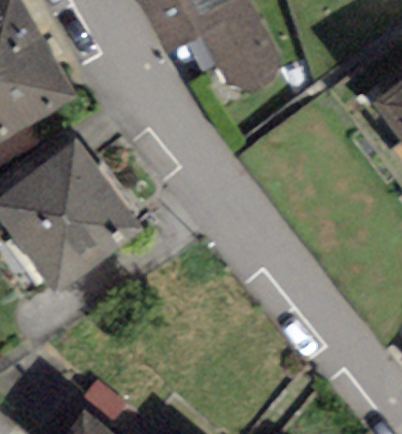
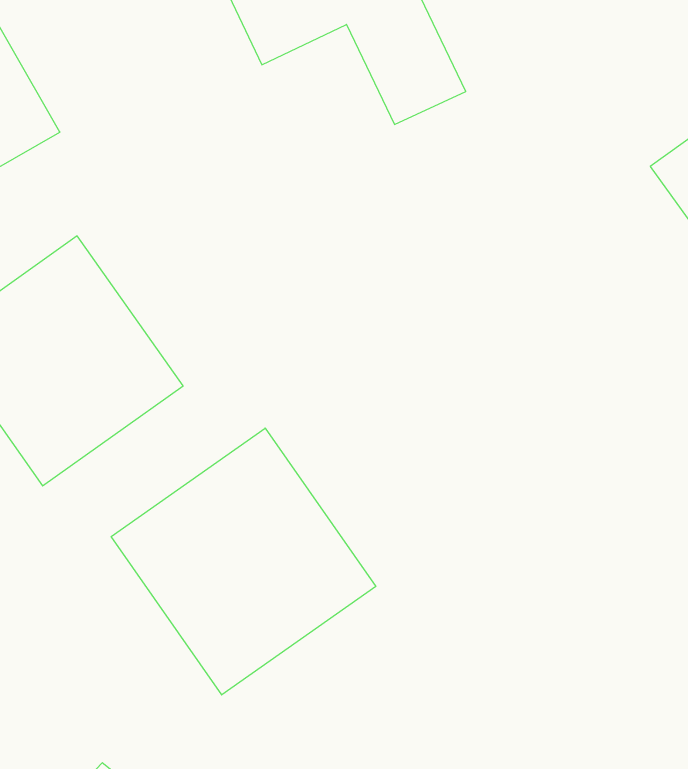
building: none -> [111,428,376,695]

